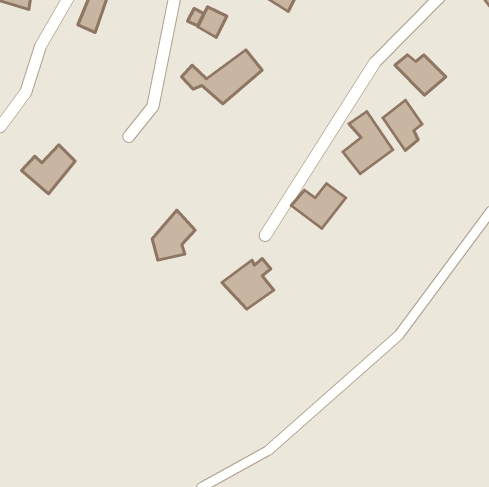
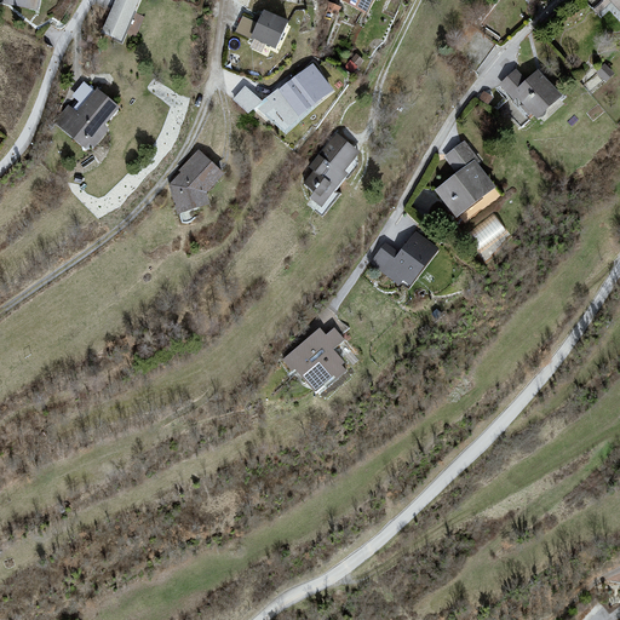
building: [383,100,422,150] -> none
building: none -> [303,134,358,207]
building: [22,145,75,194] -> [53,87,121,149]
building: [152,210,195,260] -> [170,149,224,212]

